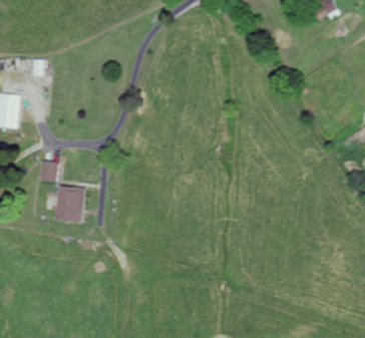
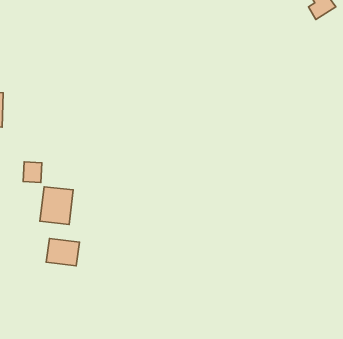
building: none -> [46,238,79,266]

